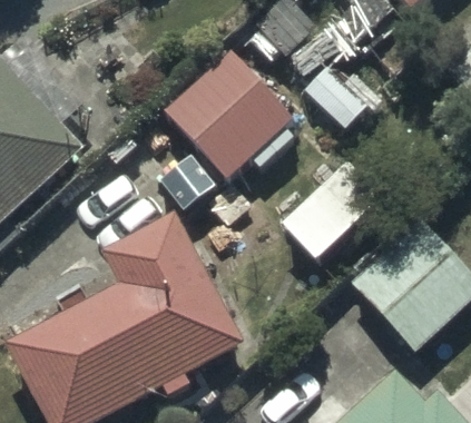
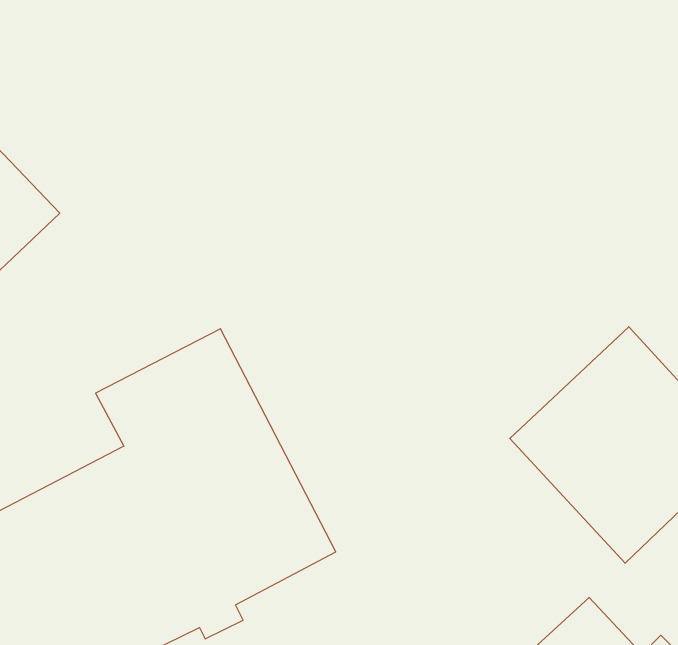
building: [164,52,294,183] -> none

